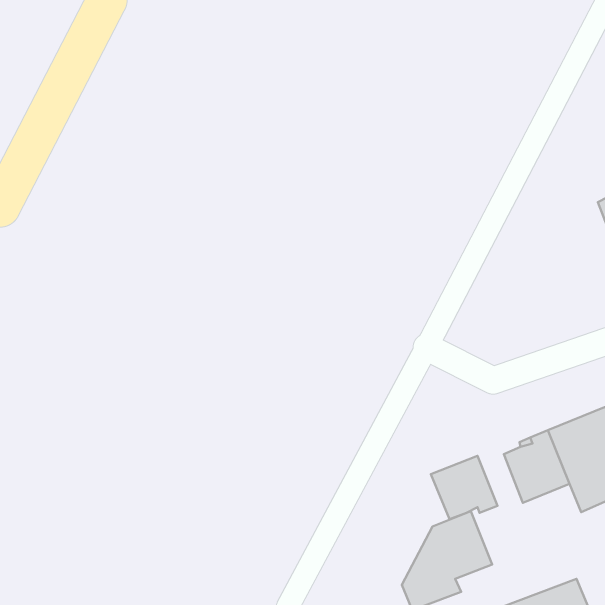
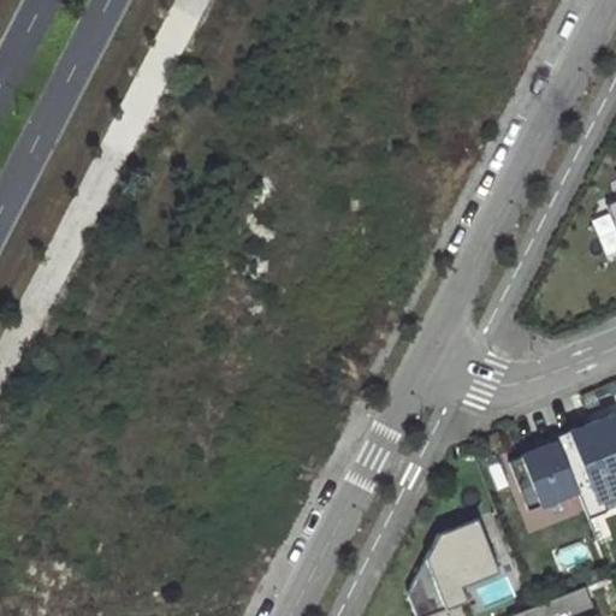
building: [431,456,498,519] -> none

